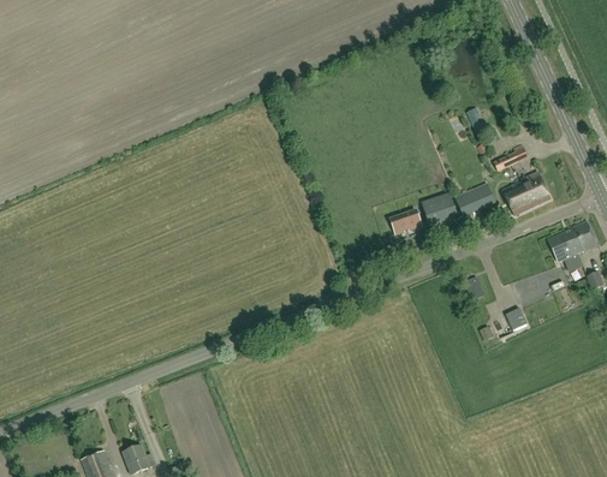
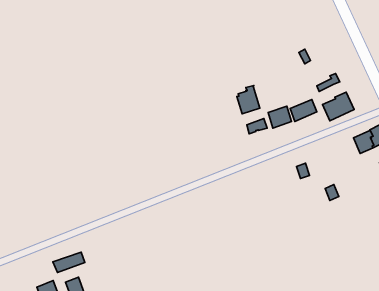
building: none -> [237,85,260,114]
building: none -> [53,252,85,273]

